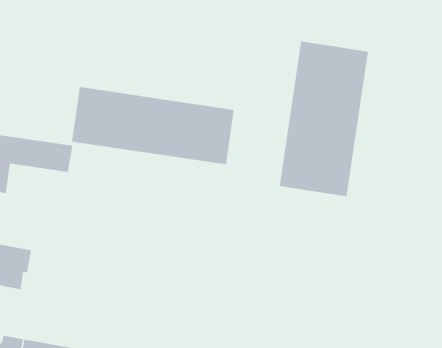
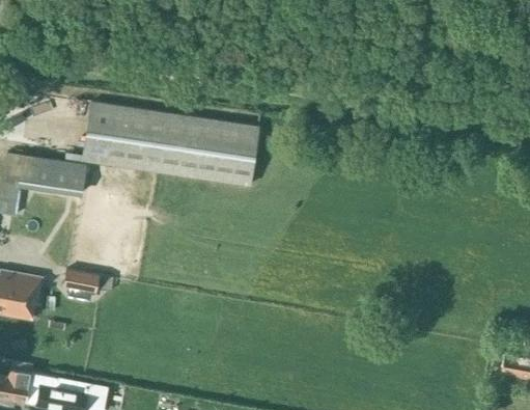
building: [279,41,369,197] -> none
building: none -> [64,269,99,293]

